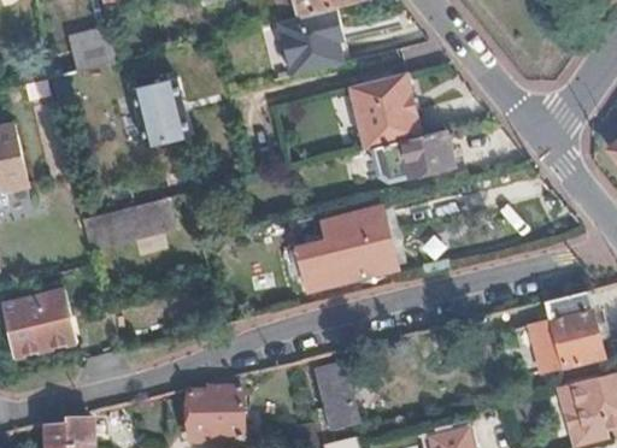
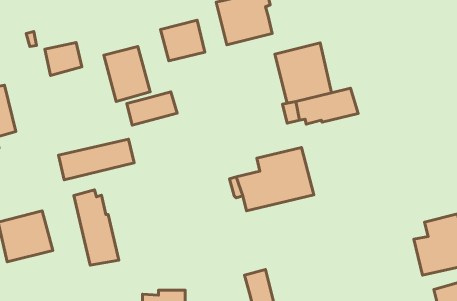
building: [67,29,114,71] -> [45,42,82,75]
building: none -> [161,20,205,61]
building: none -> [127,92,177,125]
building: none -> [74,190,119,265]

